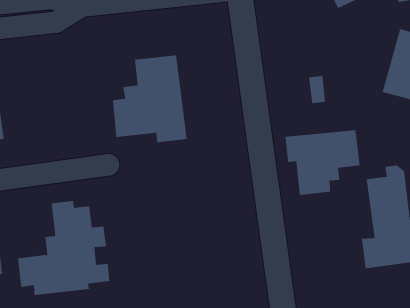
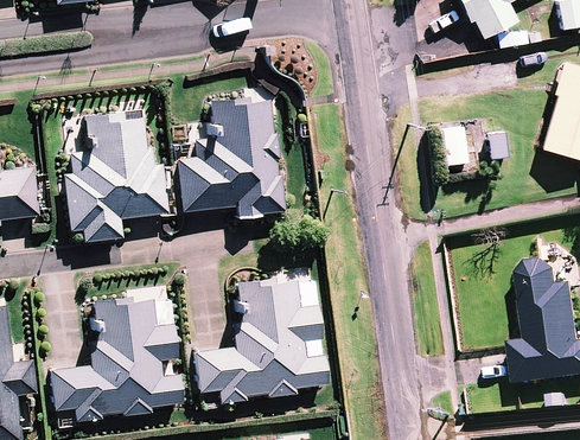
building: none -> [63,109,165,238]
building: [285,130,360,196] -> none
building: none -> [198,274,321,401]

